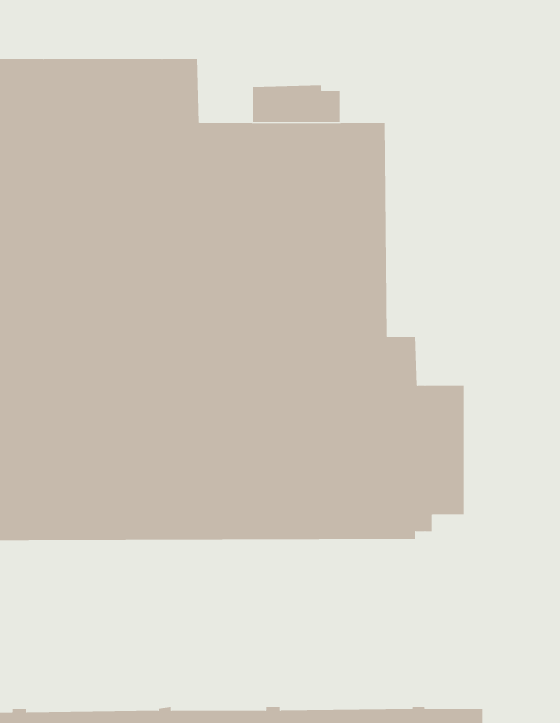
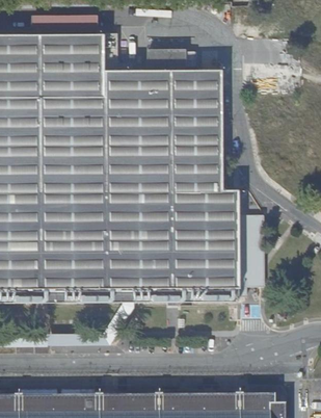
building: none -> [29,16,96,34]

